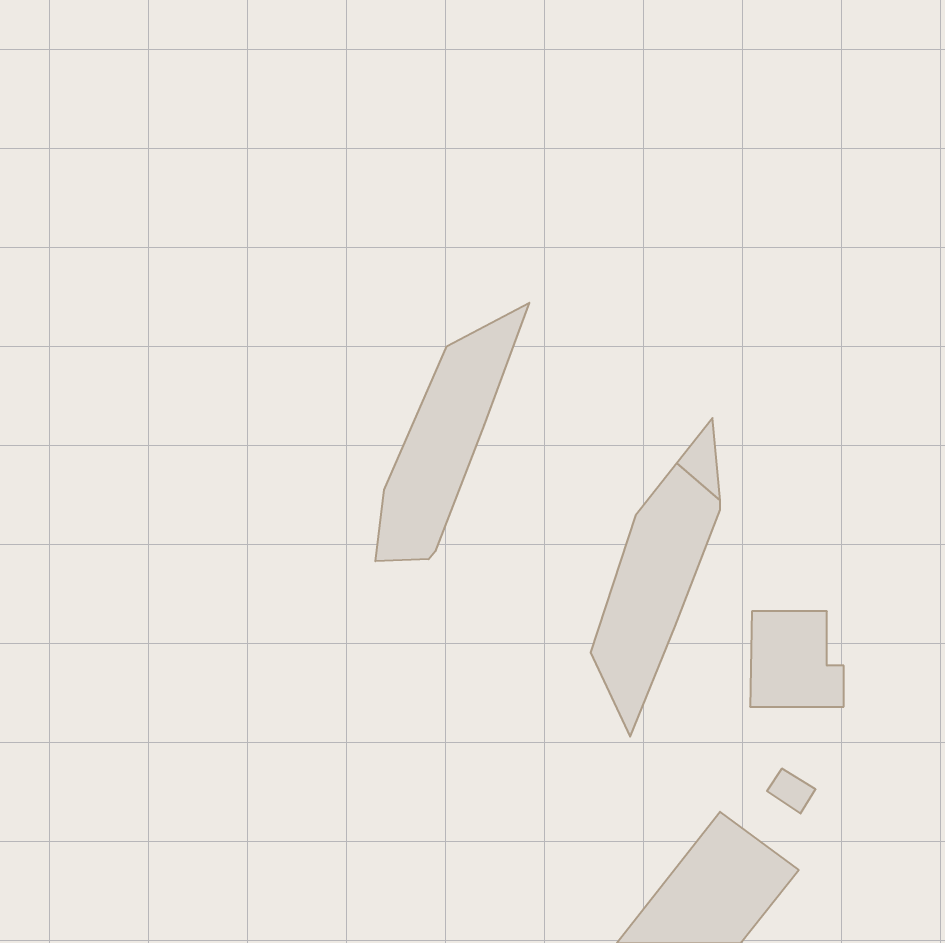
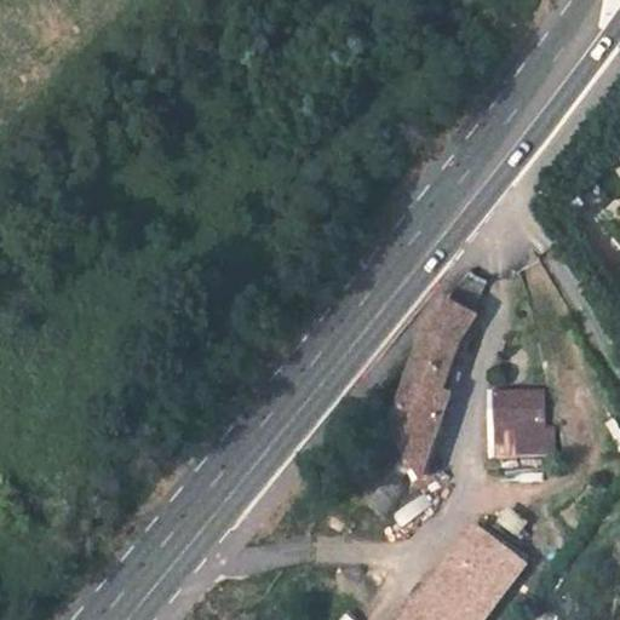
building: [375,303,529,561] -> none

